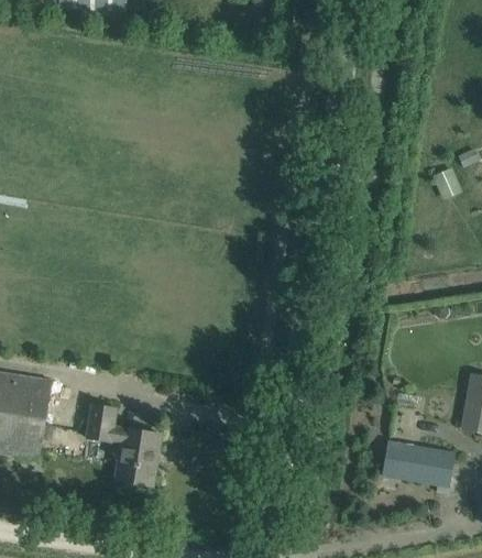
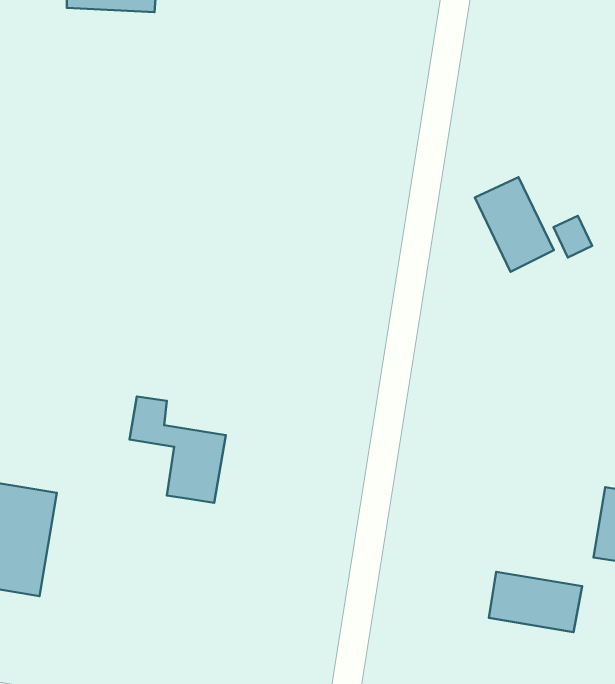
building: none -> [475,177,554,272]
building: [87,404,161,485] -> [130,397,226,503]

